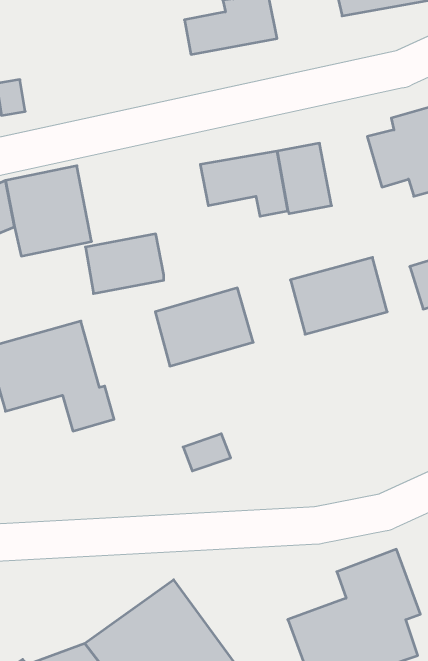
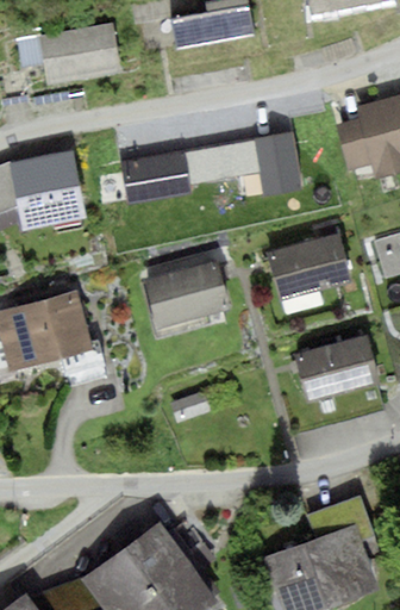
building: none -> [15,21,121,85]
building: [85,234,164,294] -> [120,149,190,203]
building: none -> [293,335,379,405]

